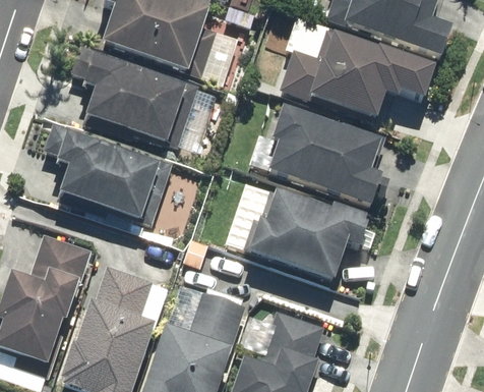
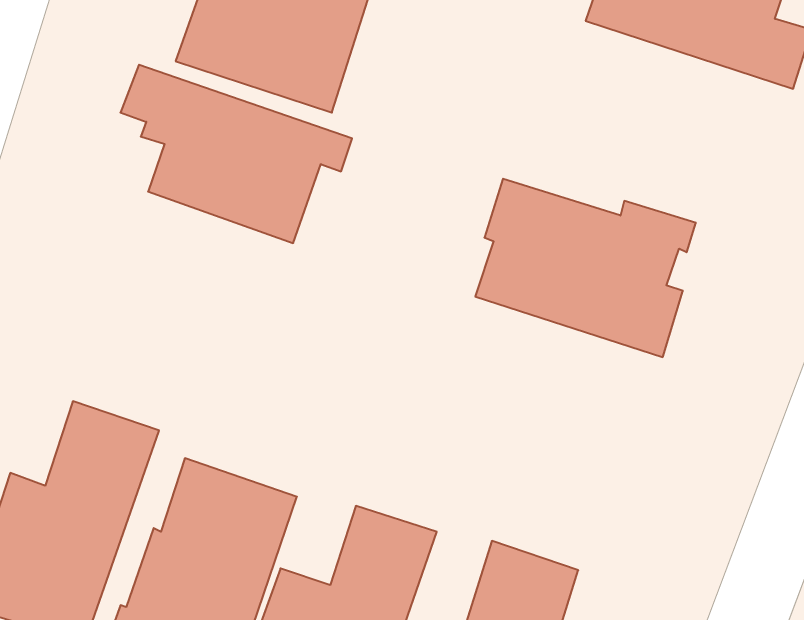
building: [283,14,437,116] -> none
building: [45,121,172,219] -> none
building: [243,188,371,283] -> none

